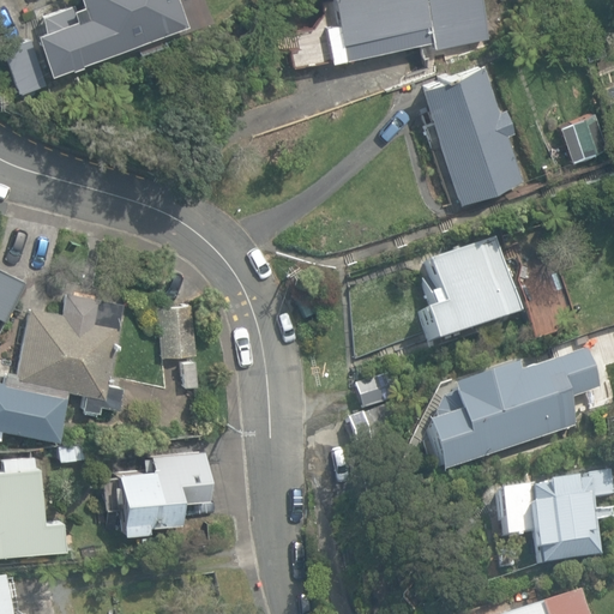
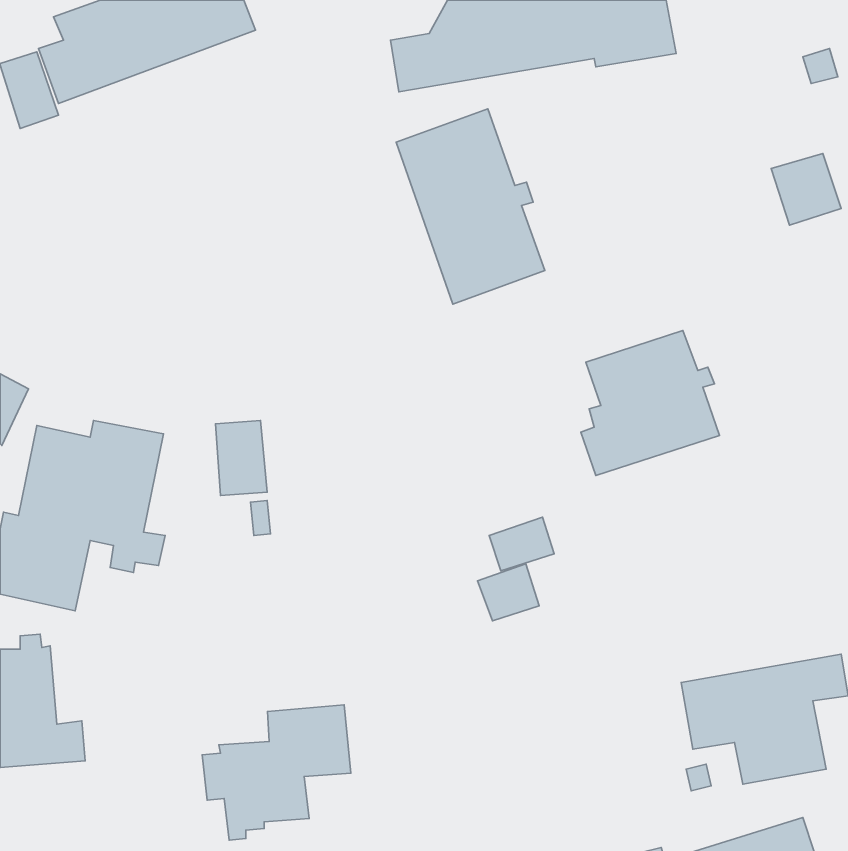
building: [417,64,524,204] -> [396,109,545,304]
building: [421,350,598,474] -> none
building: [102,440,209,537] -> [202,705,351,840]

